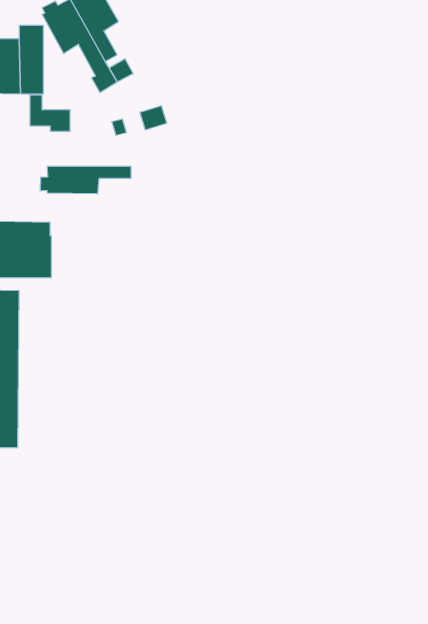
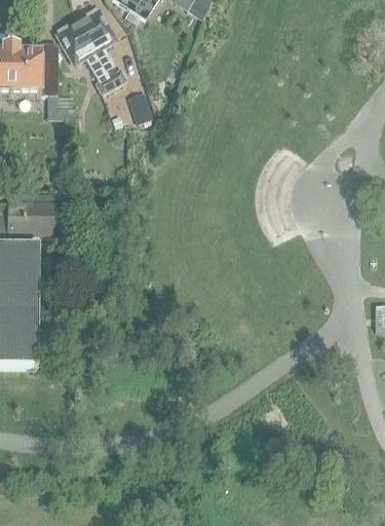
building: [40,166,131,194] -> none

